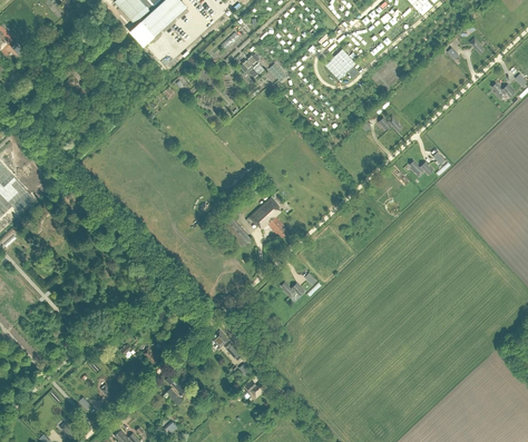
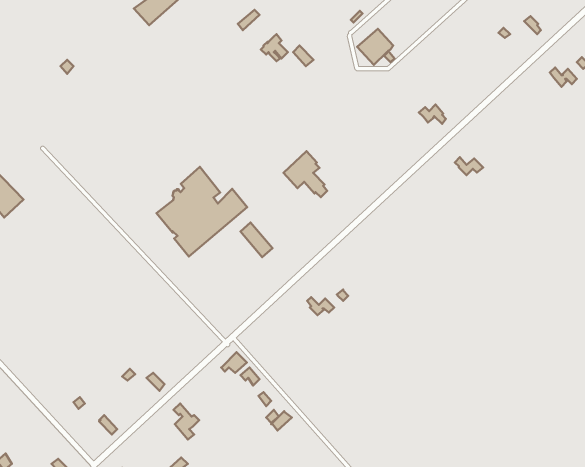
building: none -> [156,167,247,256]
building: [250,197,287,237] -> [284,151,327,197]

